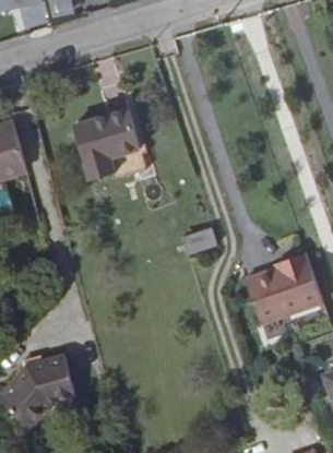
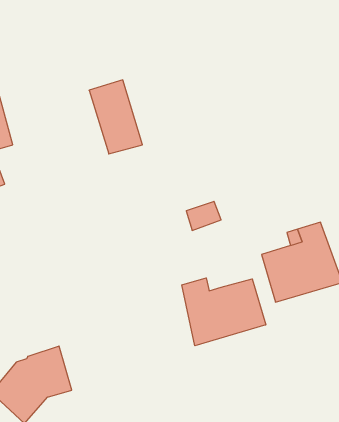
building: [70,118,110,180] -> none
building: none -> [182,278,266,346]

